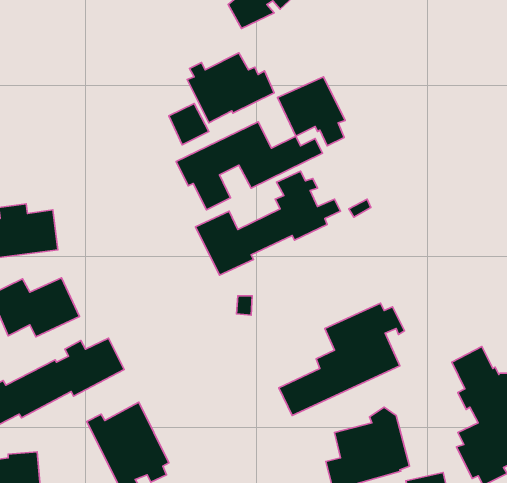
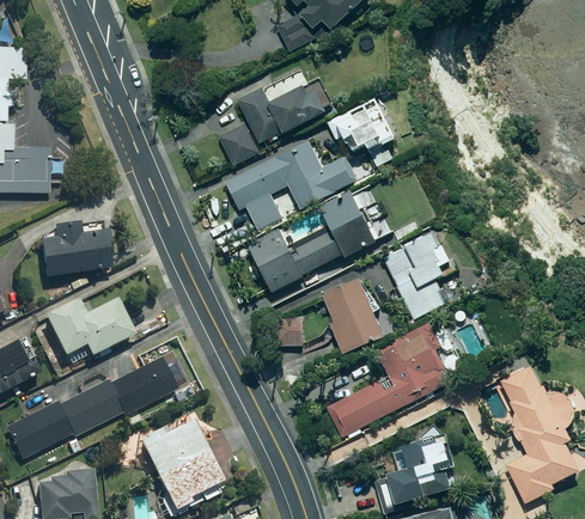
building: none -> [384,234,451,323]
building: none -> [323,277,383,354]

